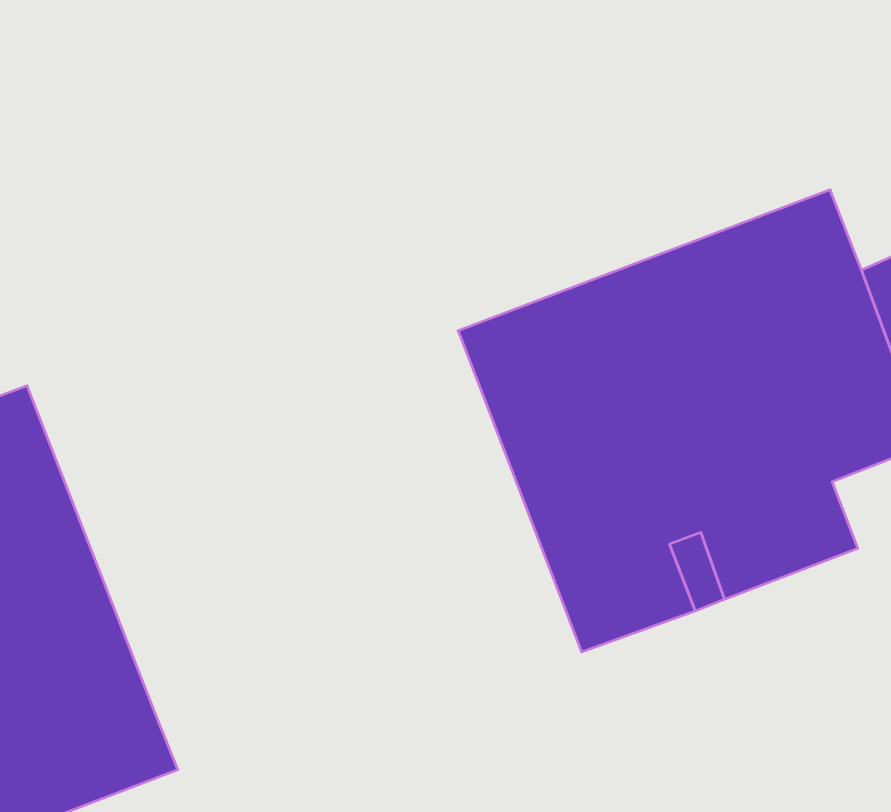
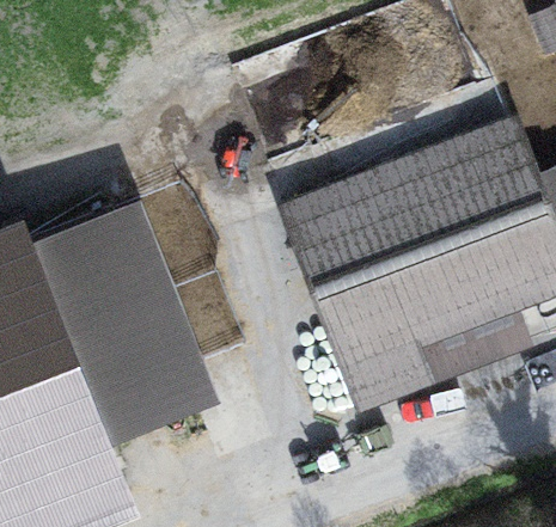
building: none -> [25,212,194,448]

